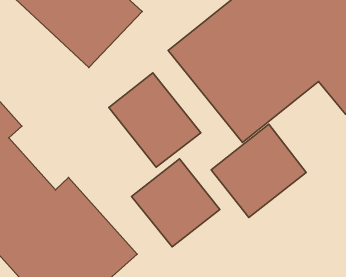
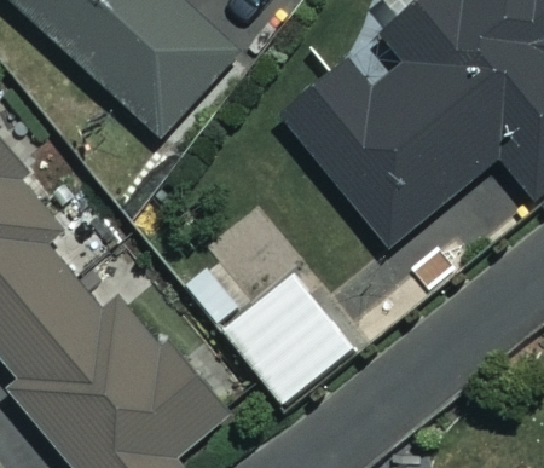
building: [109,73,201,167] -> none
building: [211,124,306,218] -> none

